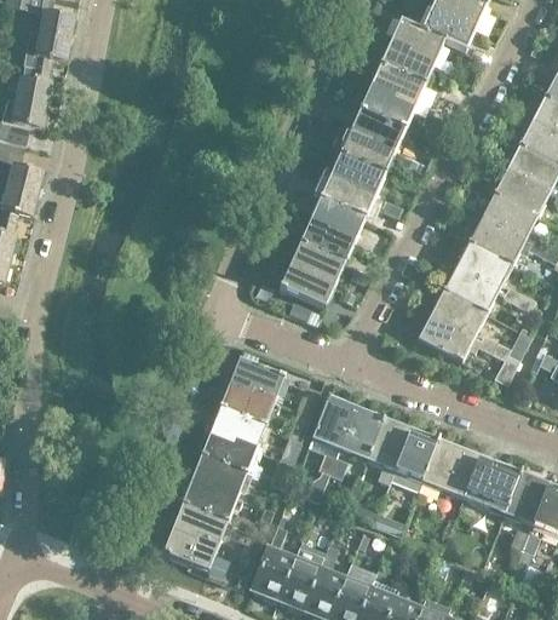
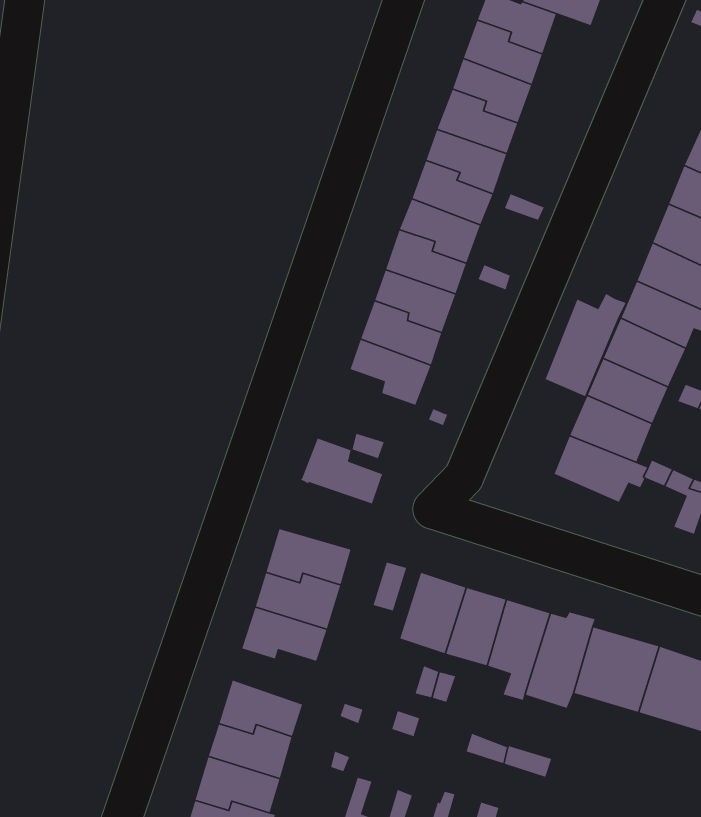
building: none -> [544,293,627,397]
building: [278,262,333,308] -> [300,437,383,504]
building: [201,437,257,476] -> none

